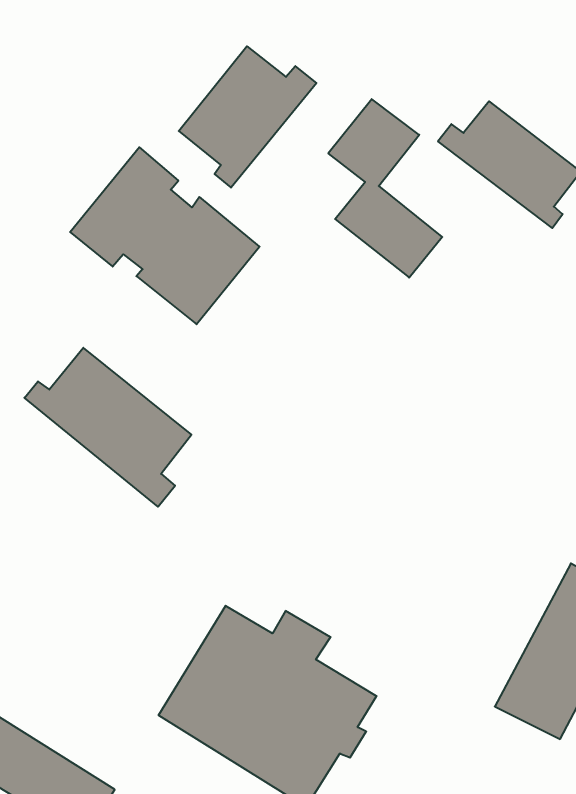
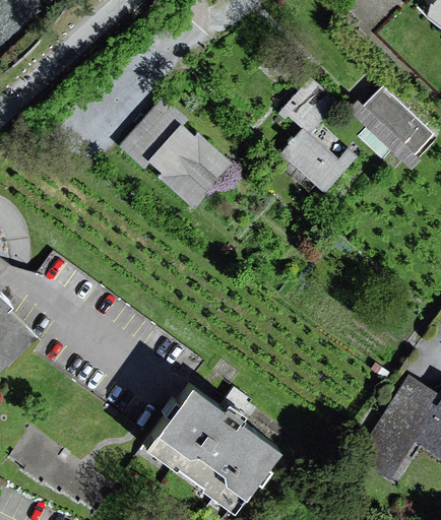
building: [179,46,316,188] -> none
building: [24,348,191,507] -> none

